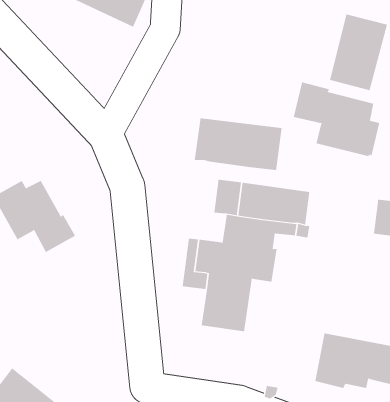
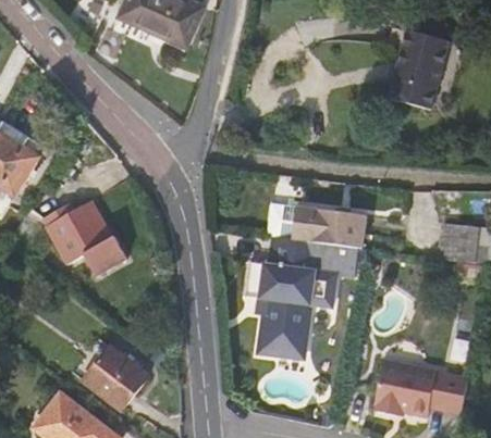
building: [293,82,380,157] -> none
building: [194,117,282,171] -> none
building: none -> [84,347,148,411]

